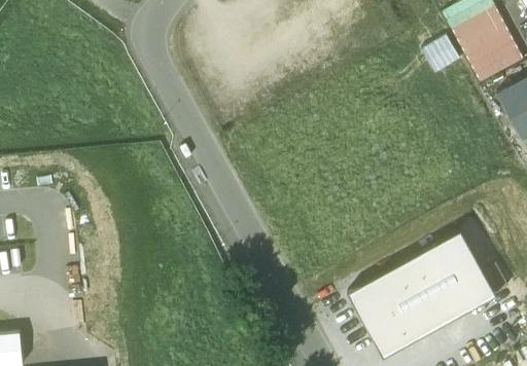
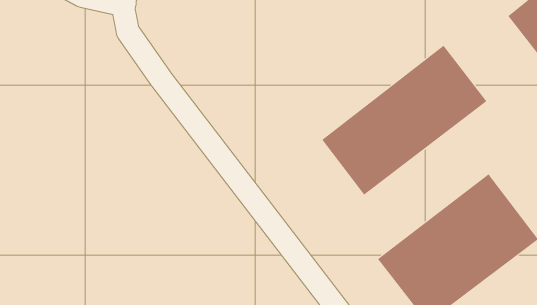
building: none -> [322,45,487,196]

